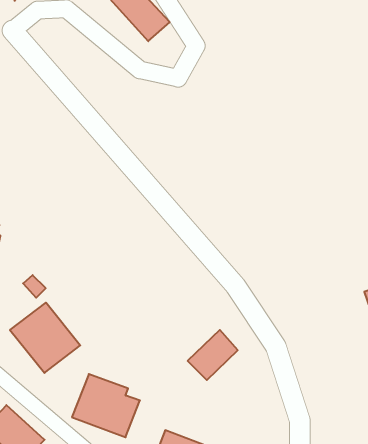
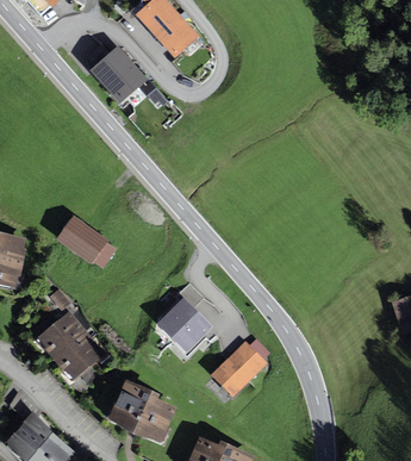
building: none -> [95,48,144,96]
building: none -> [58,214,116,266]
building: none -> [161,299,208,347]

